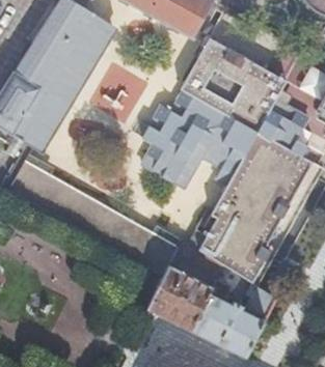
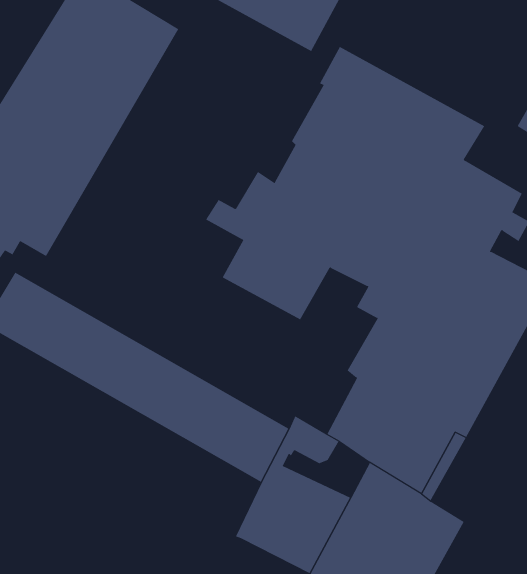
building: [91,64,143,119] -> none

